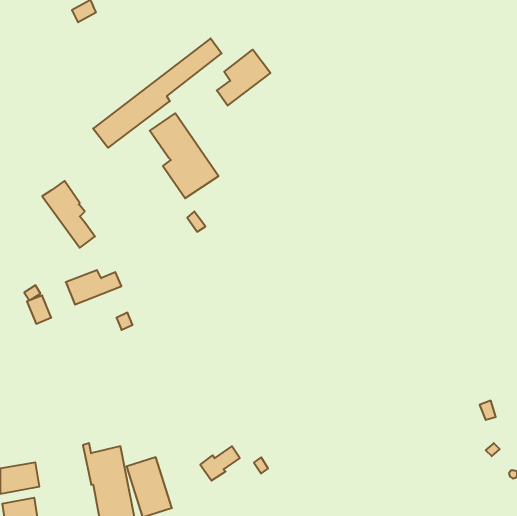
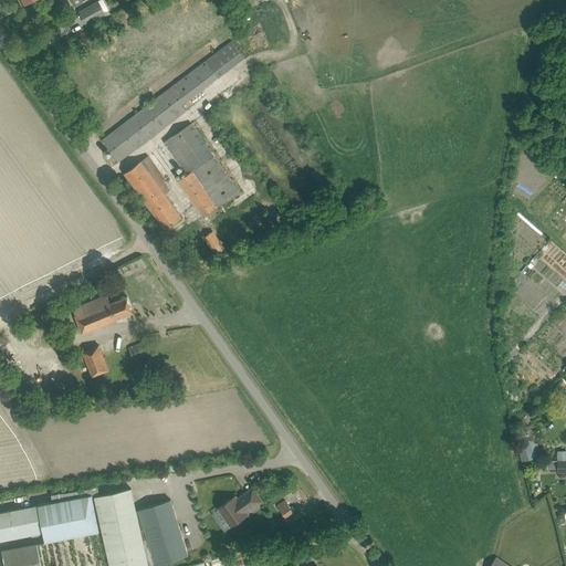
building: [217,50,270,106] -> none
building: [42,181,95,248] -> [124,157,181,230]
building: [27,295,51,324] -> [82,346,108,377]
building: none -> [39,488,99,542]

